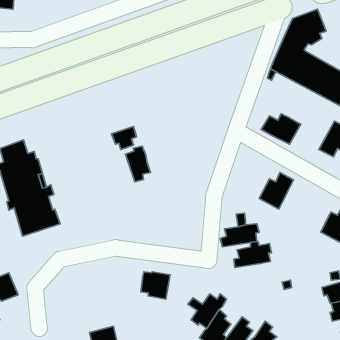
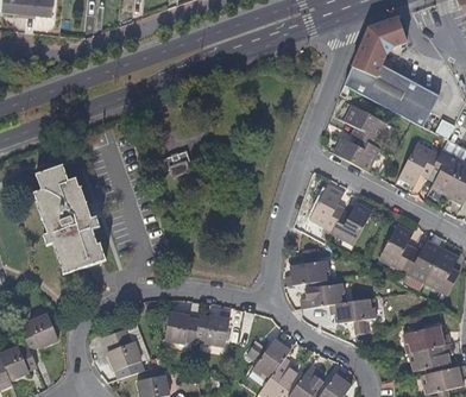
building: none -> [345,107,385,146]
building: [126,146,151,182] -> none
building: none -> [309,187,344,231]
building: none -> [378,226,413,271]
building: none -> [332,301,377,326]
building: none -> [165,315,199,345]
building: none -> [105,332,141,376]

